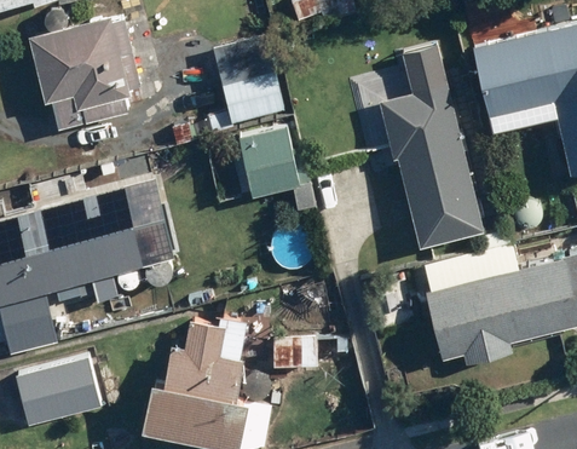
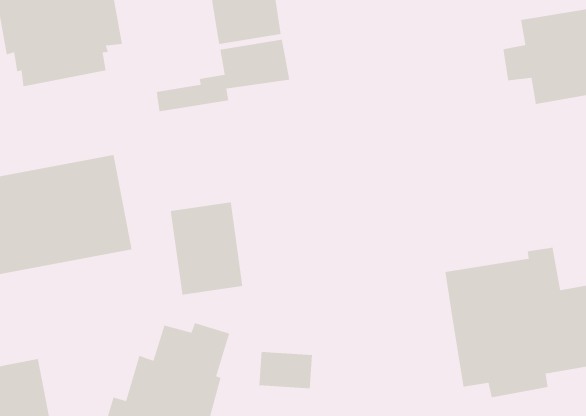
building: [382,47,483,248] -> none
building: [238,123,304,205] -> [170,201,243,295]

